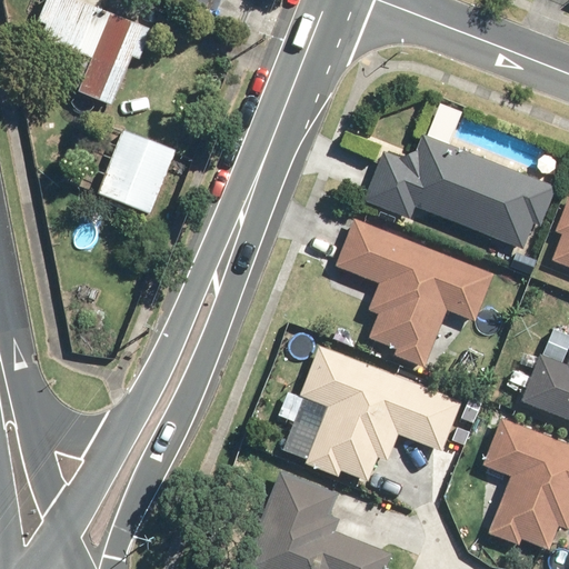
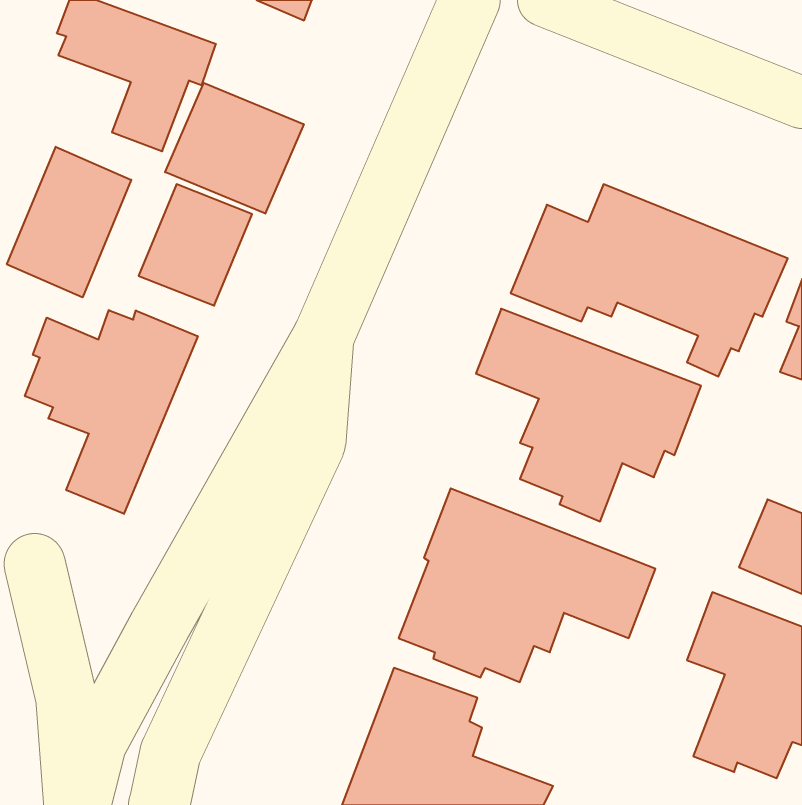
building: none -> [165,83,304,214]
building: none -> [7,147,131,297]
building: none -> [25,310,198,514]

